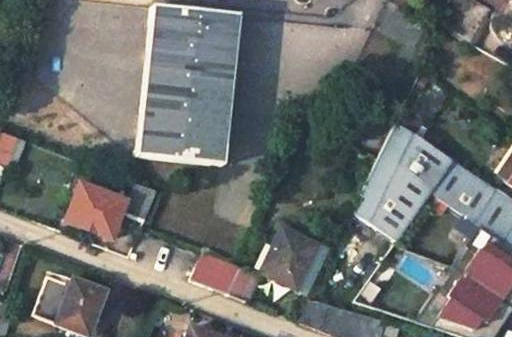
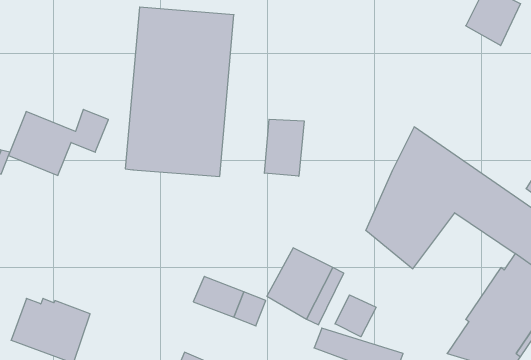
building: none -> [264,119,304,176]
building: [69,182,160,242] -> [9,109,108,175]
building: none -> [335,295,376,337]

